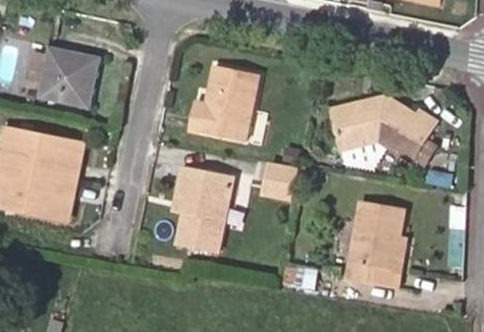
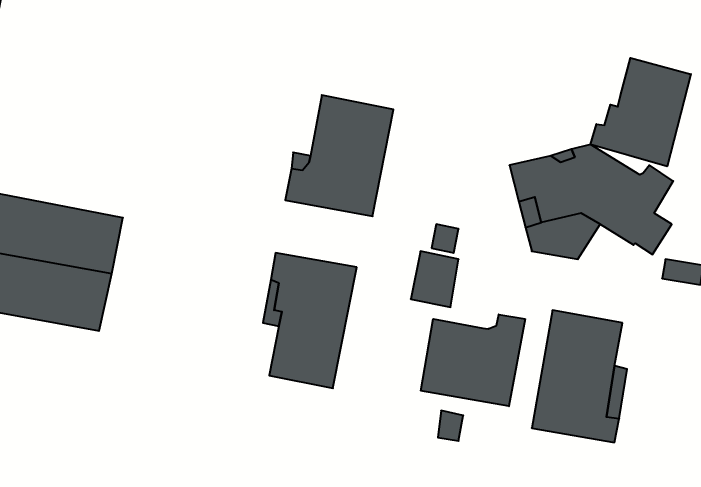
building: none -> [591,58,691,166]
building: [35,45,98,108] -> none
building: none -> [421,314,525,406]

